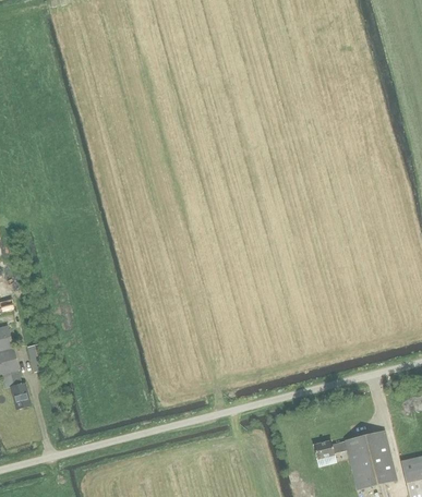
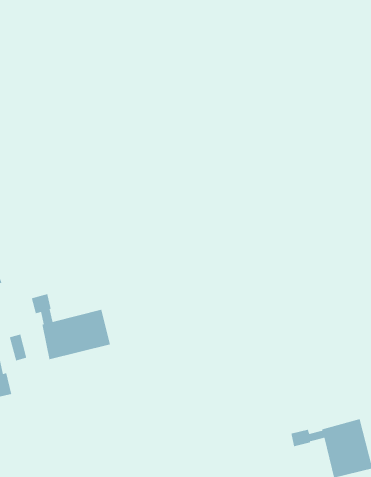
building: none -> [31,293,111,360]

